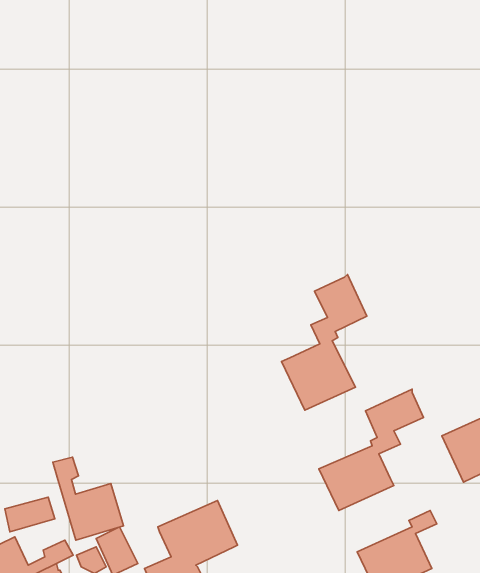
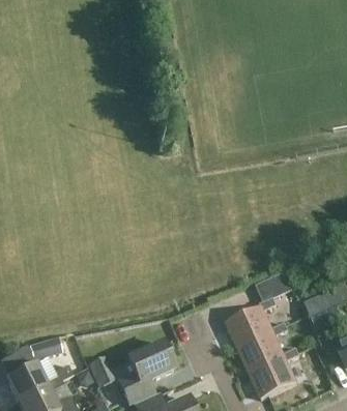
building: [282,275,367,410] -> none
building: [53,457,124,540] -> none
building: none -> [237,321,287,373]

